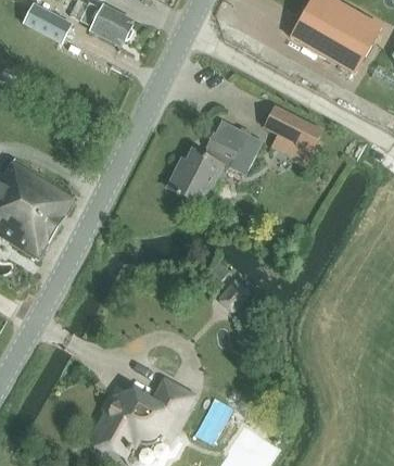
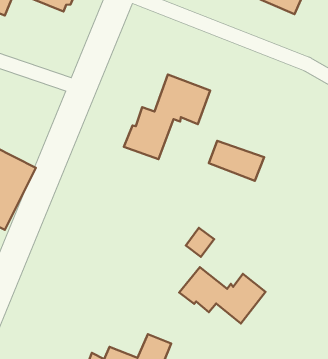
building: [262,104,318,149] -> [209,141,264,181]
building: none -> [179,267,266,323]

